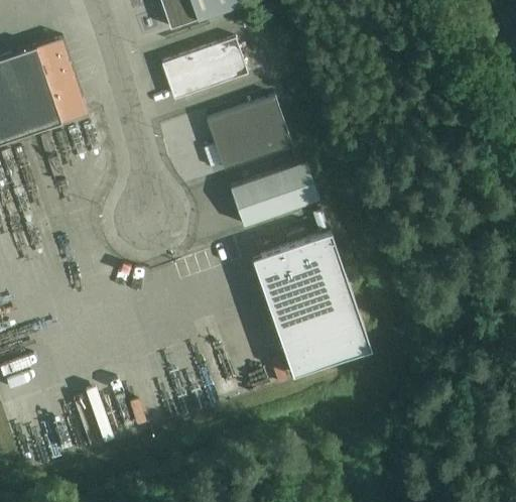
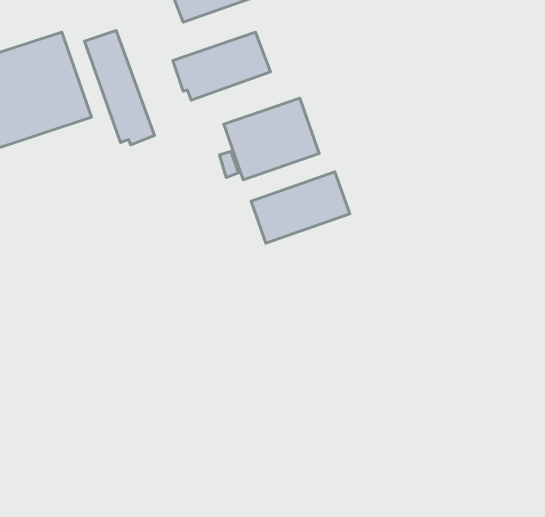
building: none -> [84,31,155,145]
building: [252,232,370,375] -> none

